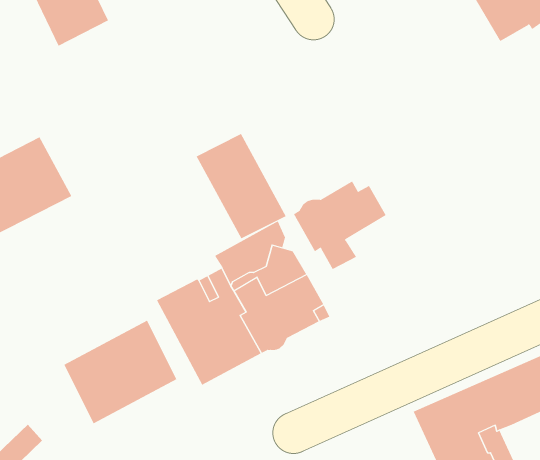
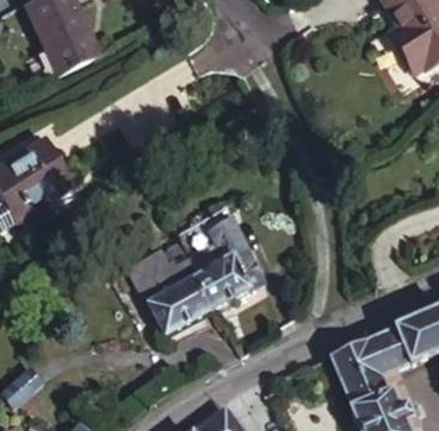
building: [196,133,287,239] -> none
building: [293,180,387,270] -> none
building: [64,320,177,424] -> none

